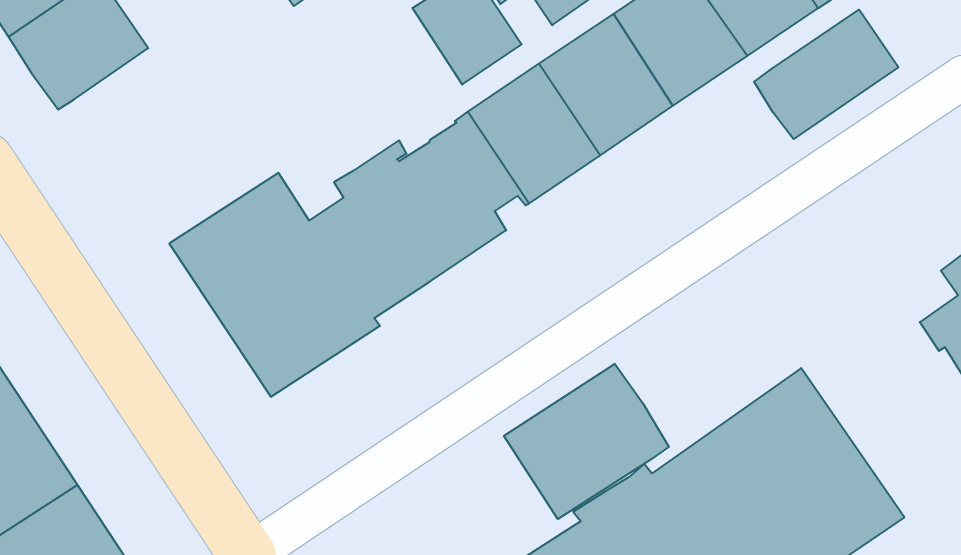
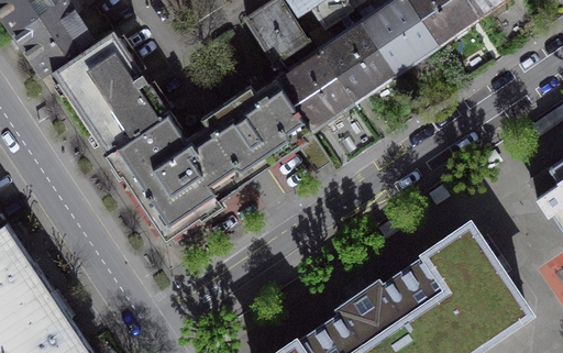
building: [754,10,898,139] -> none
building: none -> [51,30,168,153]
building: [504,364,669,519] -> none

